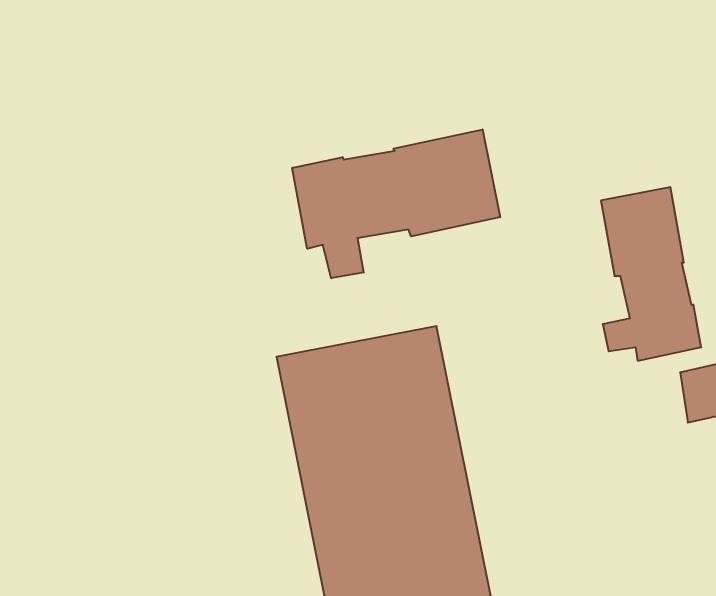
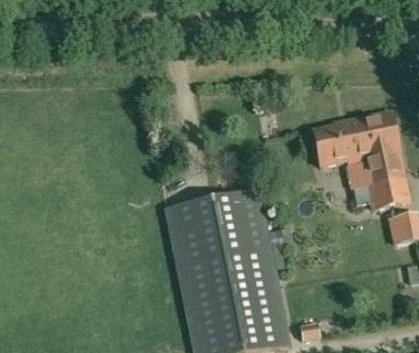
building: [292,129,500,278] -> none
building: none -> [312,118,359,165]

